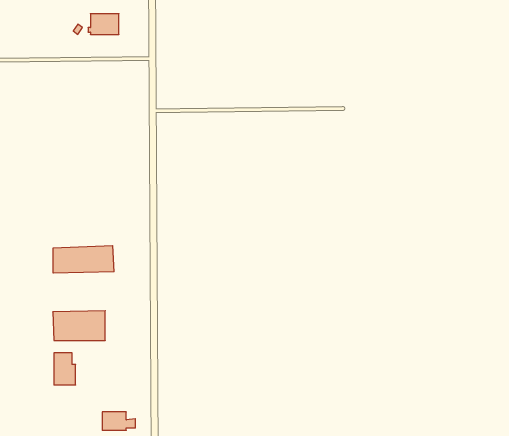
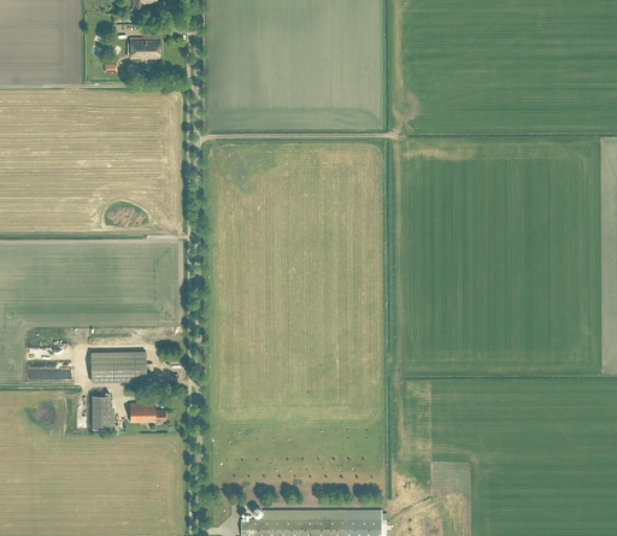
building: [53,246,114,273] -> none
building: [102,412,135,430] -> [130,404,165,423]

